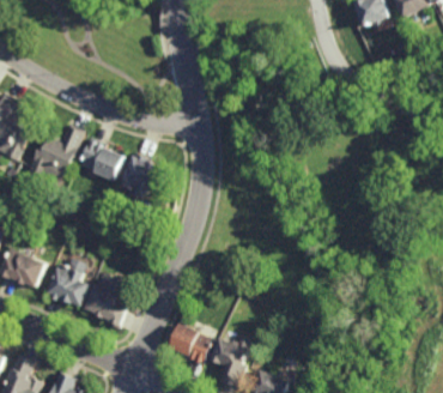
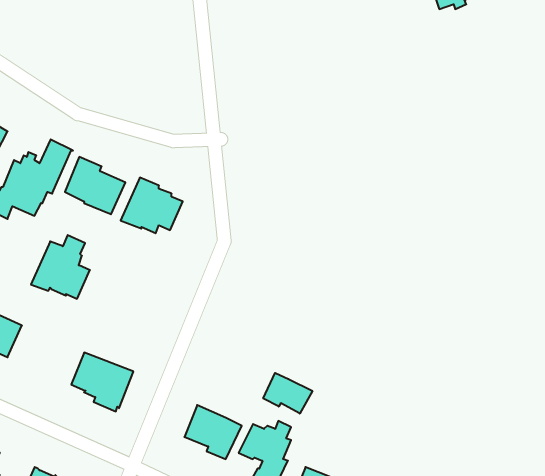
building: [45,259,90,307] -> [31,235,90,299]
building: none -> [263,373,312,414]

